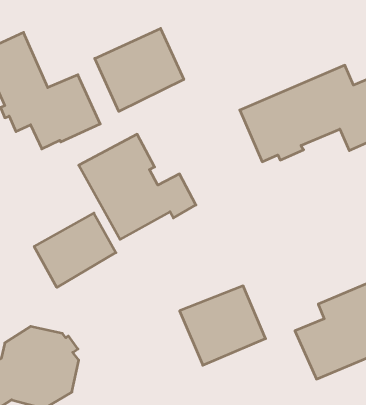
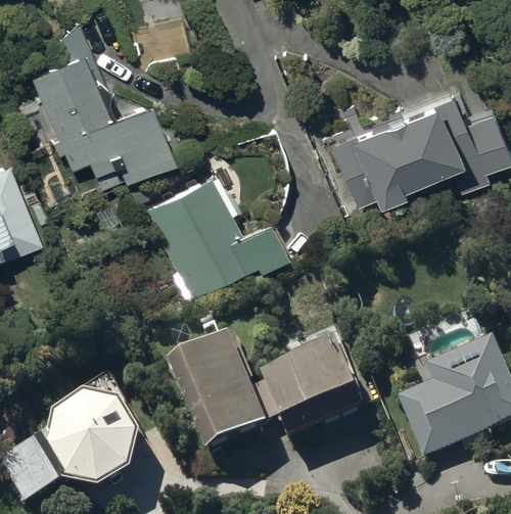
building: [95,28,184,111] -> none
building: [34,213,116,287] -> none
building: none -> [171,337,271,454]

